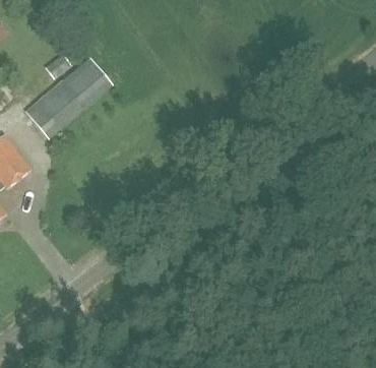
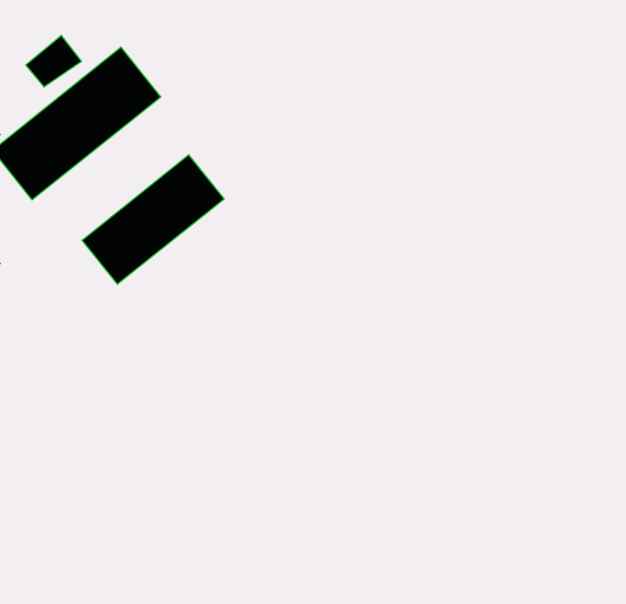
building: none -> [82,155,224,284]

